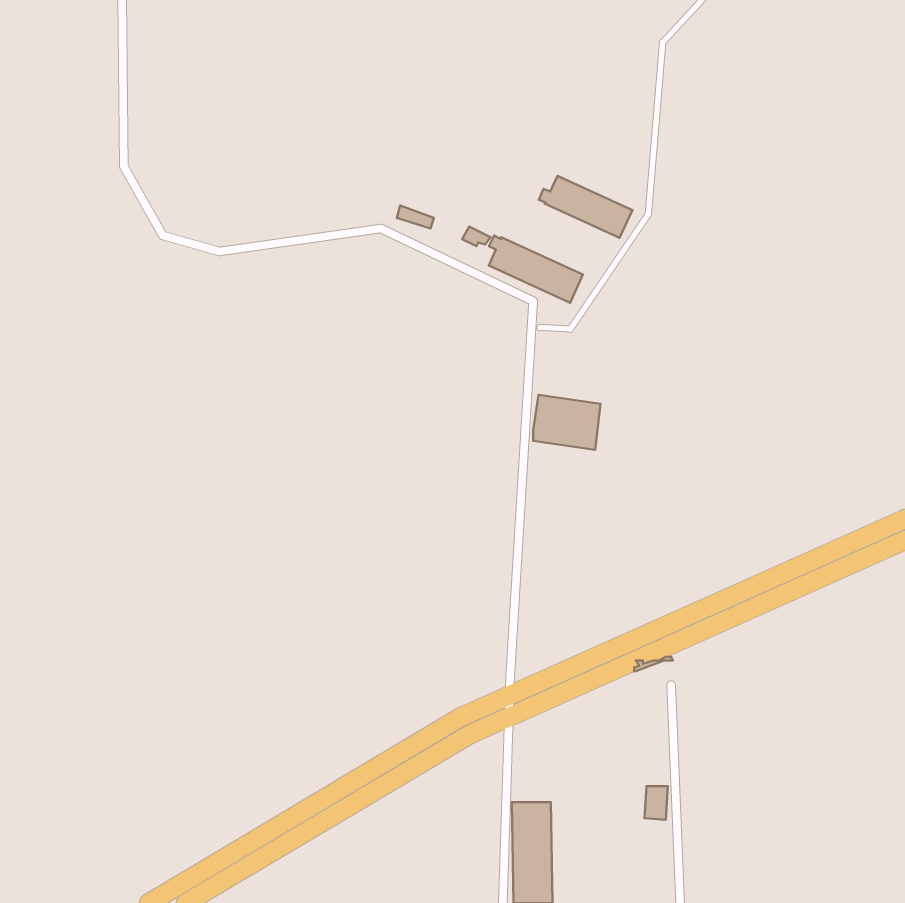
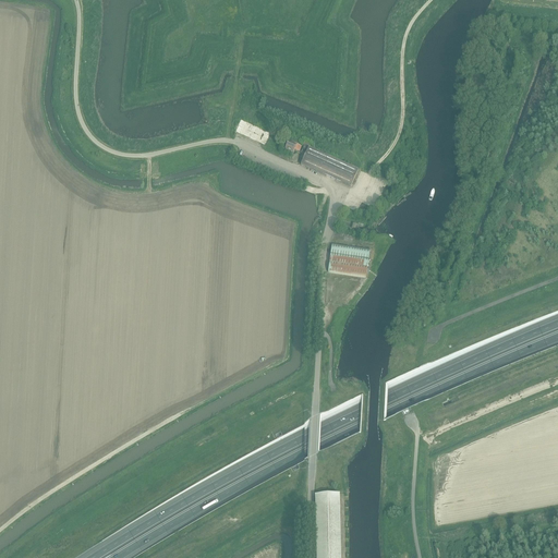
building: [539,176,633,238] -> none

